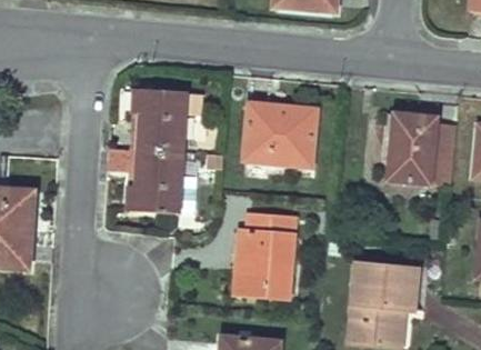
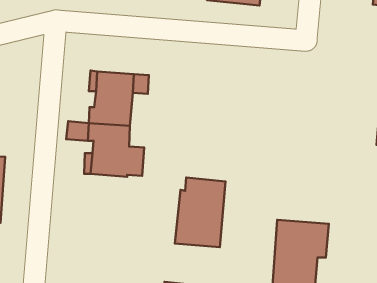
building: [243,104,313,163] -> none
building: [388,113,457,184] -> none

